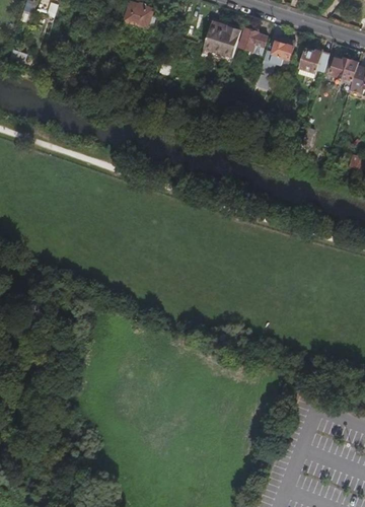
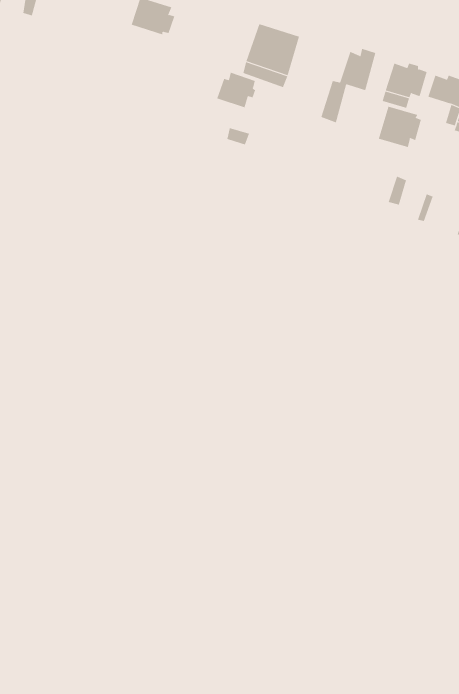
building: [239,26,266,52] -> none
building: none -> [217,72,256,108]
building: none -> [378,106,422,148]

